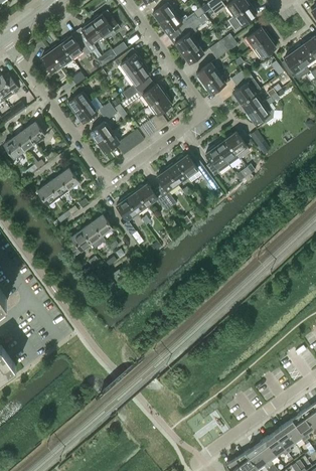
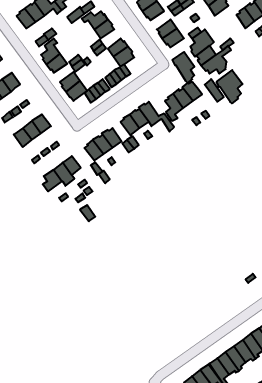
building: none -> [172,52,194,83]
building: none -> [217,70,243,103]

